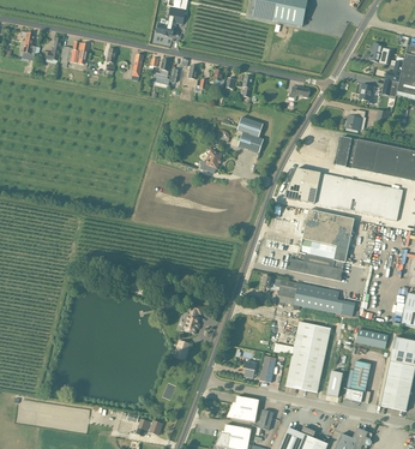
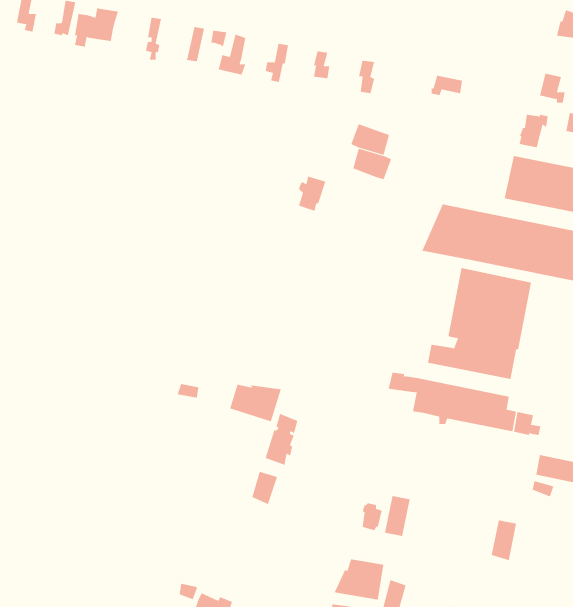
building: none -> [230,384,281,422]
building: [273,322,331,393] -> none
building: [345,361,371,402] -> none

